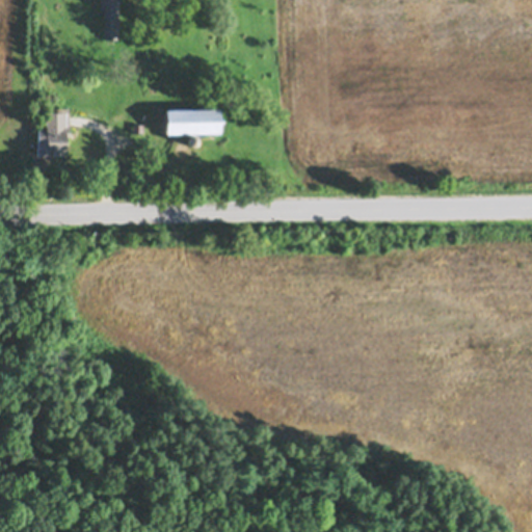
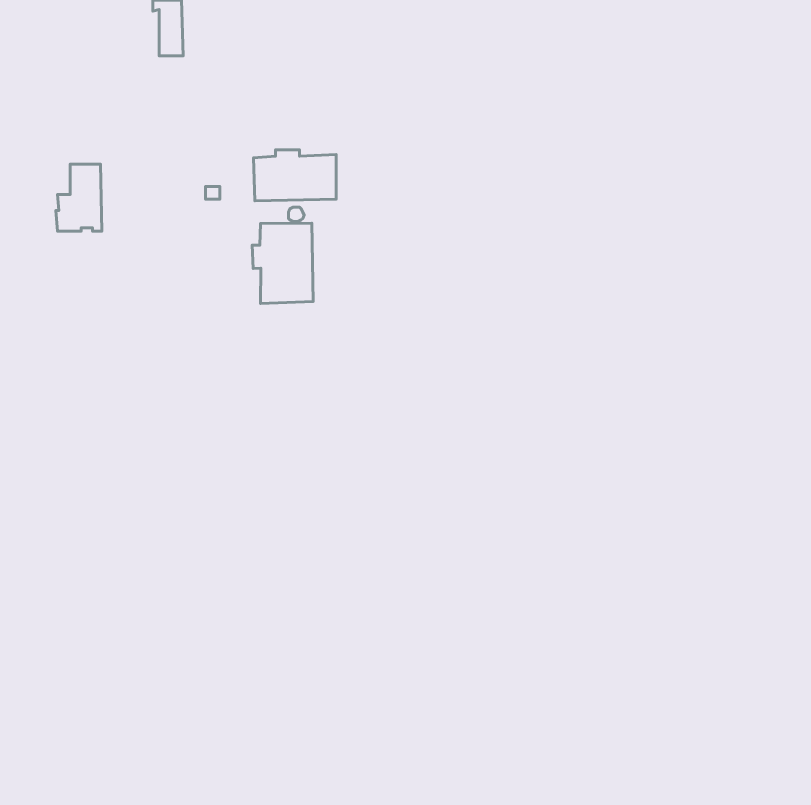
building: none -> [252,223,313,303]

